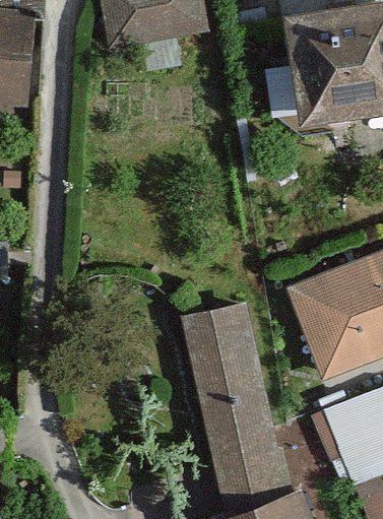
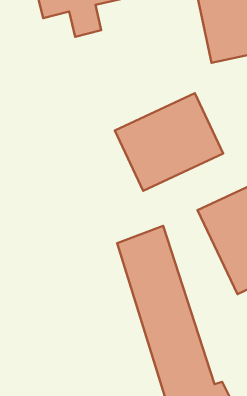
building: none -> [115,93,223,191]

